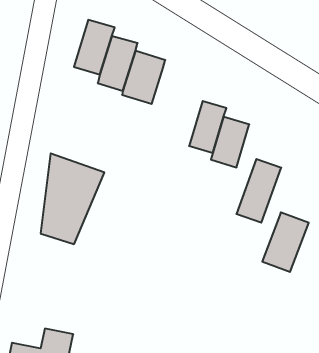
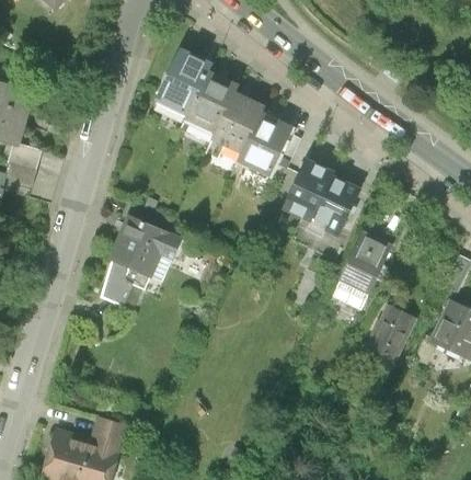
building: none -> [240,115,296,184]

